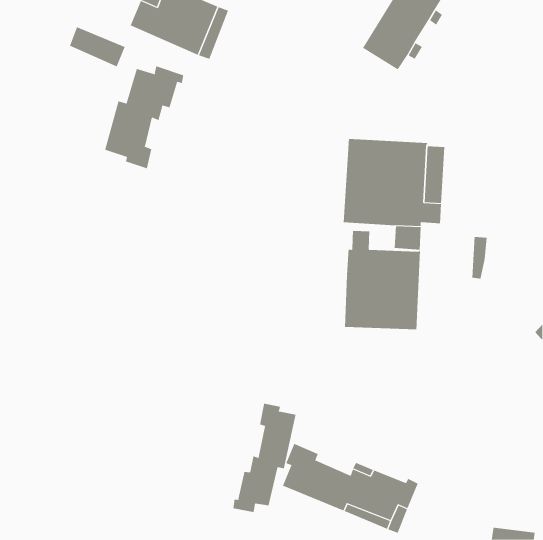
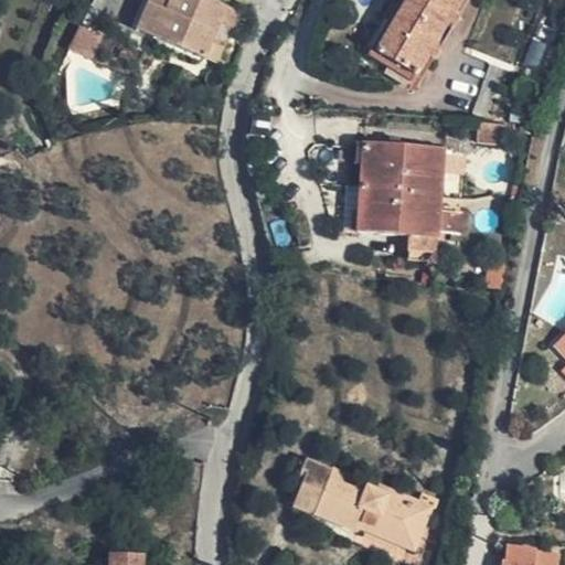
building: [105,66,184,169] -> none
building: [345,230,421,330] -> none
building: [233,403,296,513] -> none

